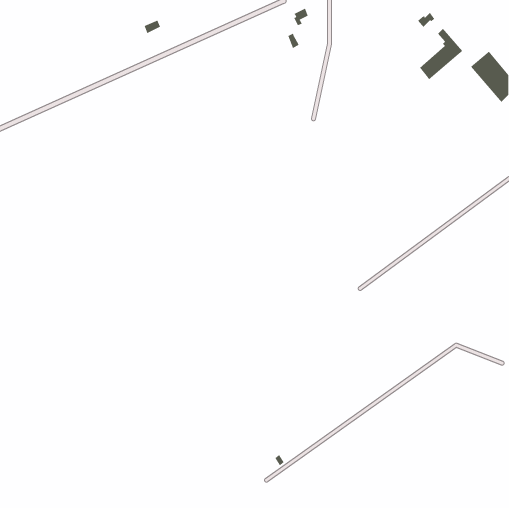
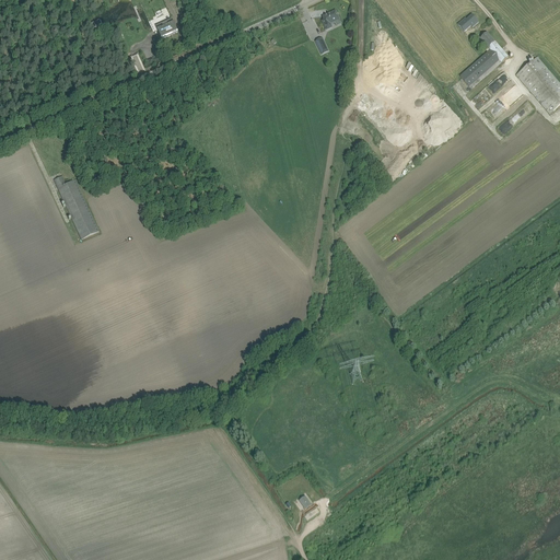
building: none -> [54,175,98,238]

